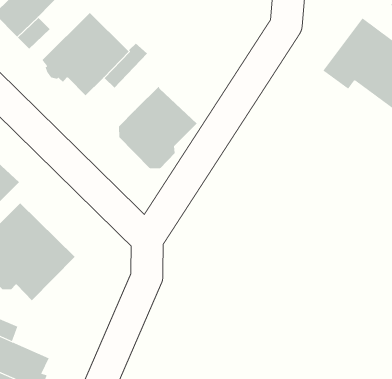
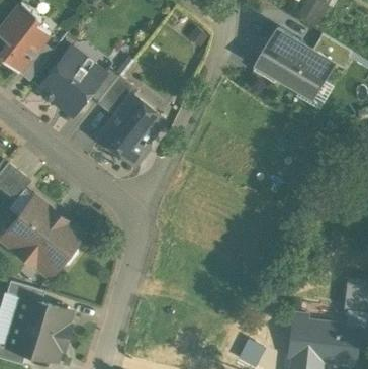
building: none -> [96,74,137,117]

